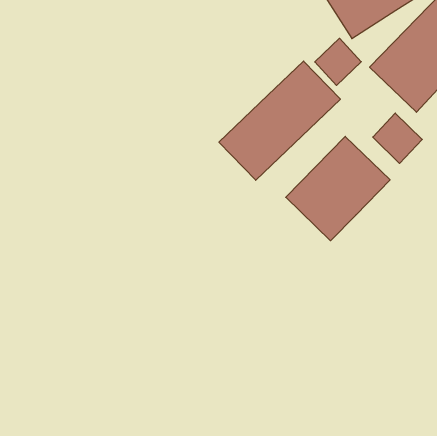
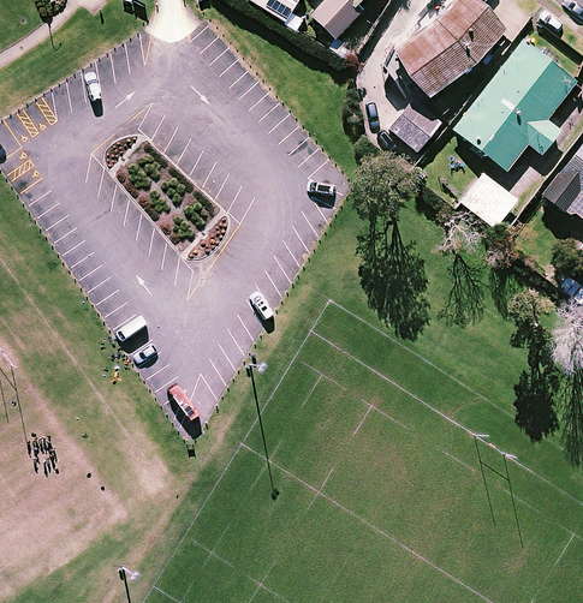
building: [219,61,340,180] -> none
building: [286,136,390,241] -> none

